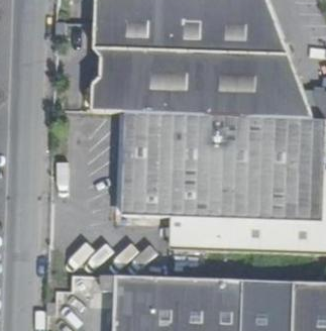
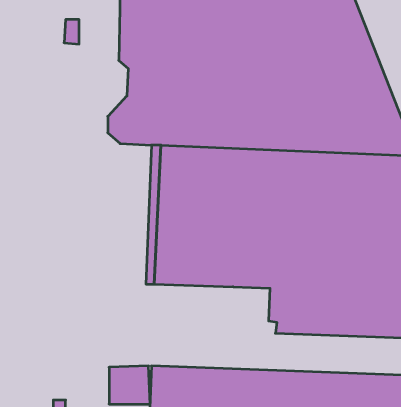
building: [175,215,209,249] -> none

